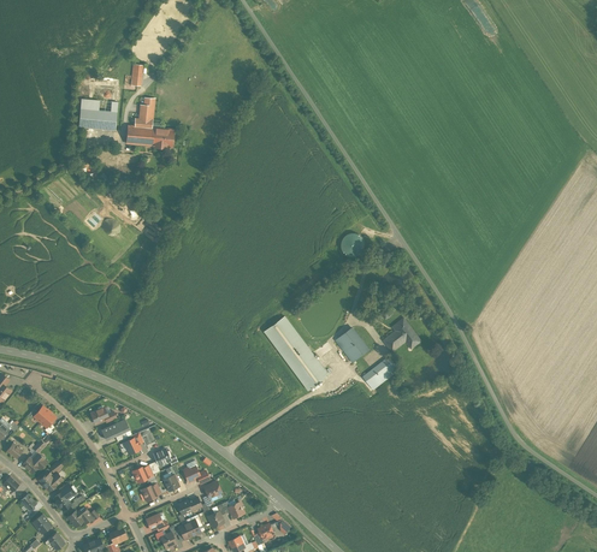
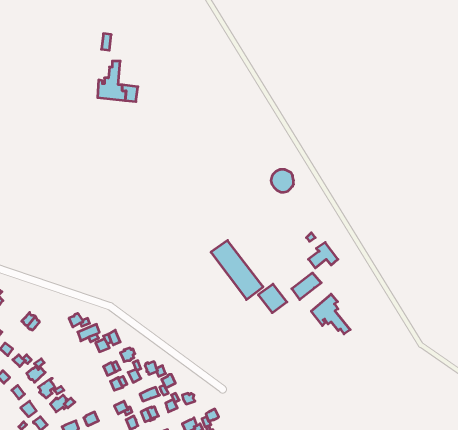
building: [78,100,117,130] -> none
building: [333,328,368,363] -> [258,284,287,313]
building: none -> [311,294,350,334]

